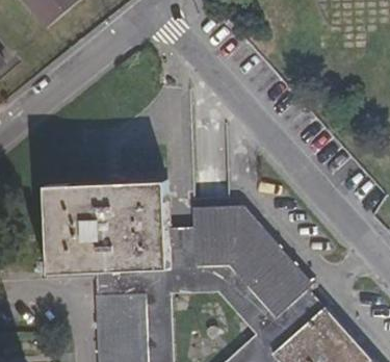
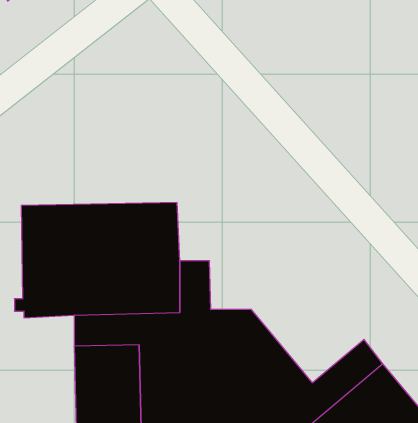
building: [198,208,317,322] -> none

